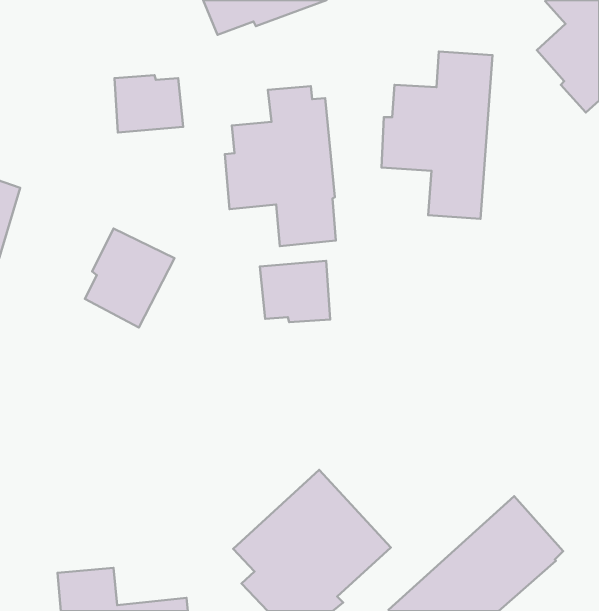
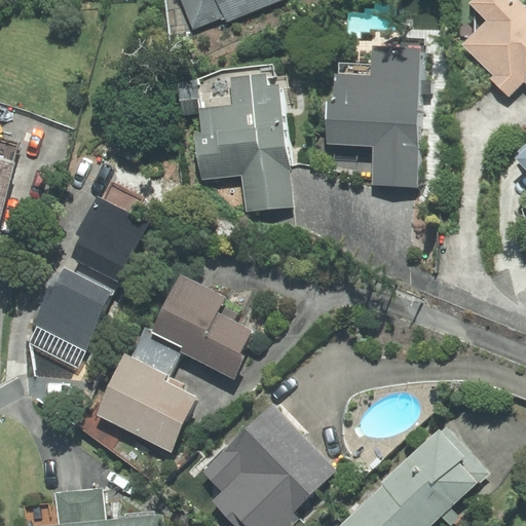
building: [114,75,183,132] -> none
building: [260,261,330,322] -> none
building: none -> [31,265,115,351]
building: none -> [95,273,253,452]

